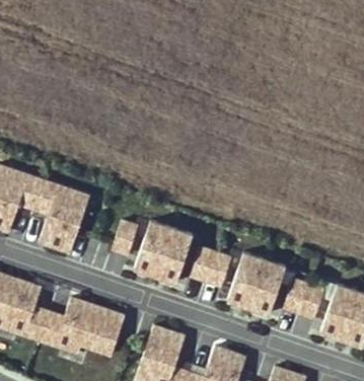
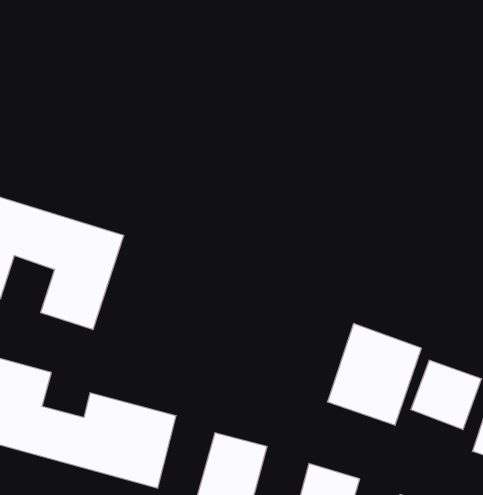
building: [112,220,193,286] -> none
building: [188,244,232,288] -> none

